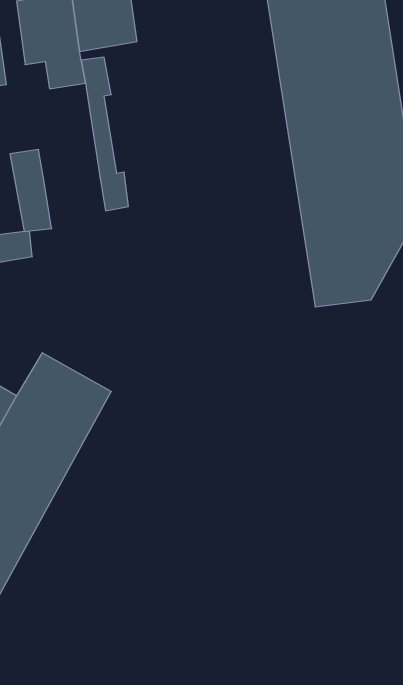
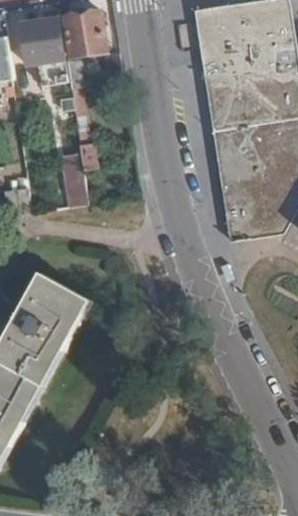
building: [10,150,52,231] -> [59,147,89,205]

